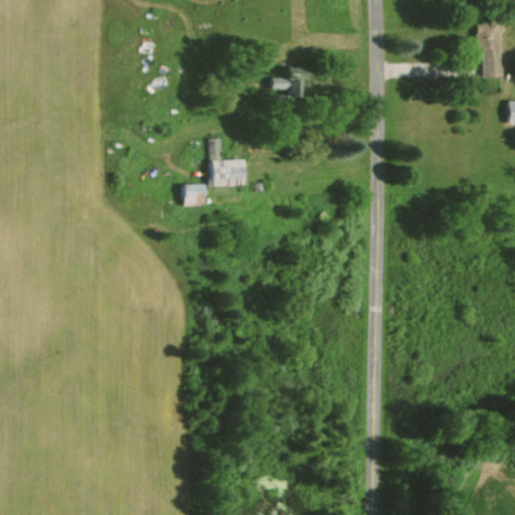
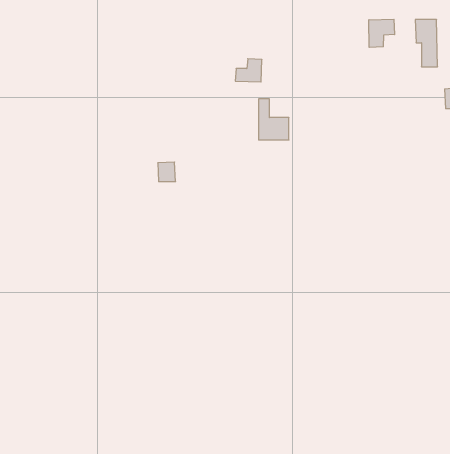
building: none -> [369,19,395,47]
building: [212,139,246,185] -> [259,99,289,140]

